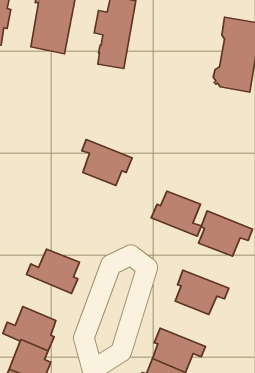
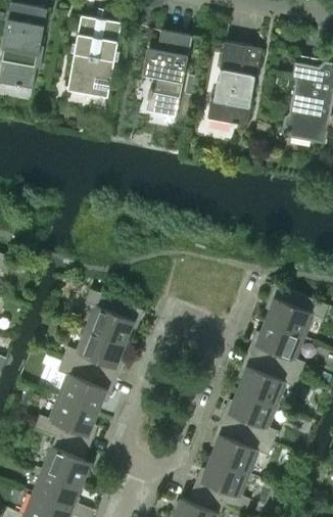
building: none -> [207,43,261,127]
building: [82,139,132,185] -> [85,290,144,344]
building: [151,191,201,236] -> [246,322,305,375]
building: none -> [57,359,115,413]
building: none -> [220,390,278,443]

